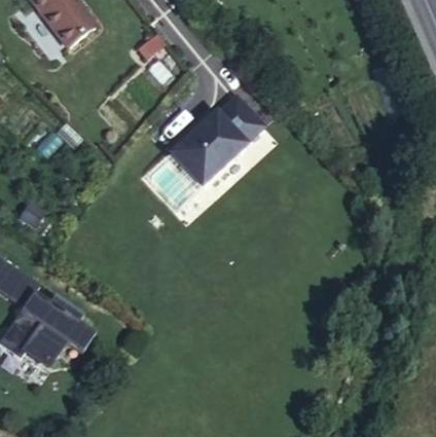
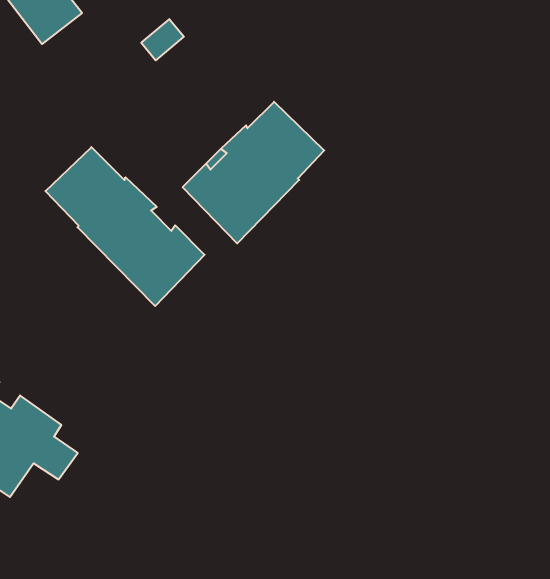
building: none -> [45,147,205,306]

